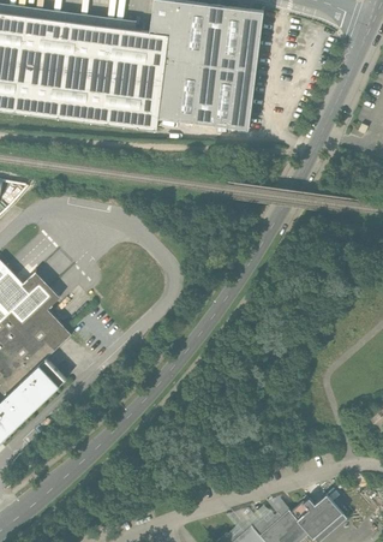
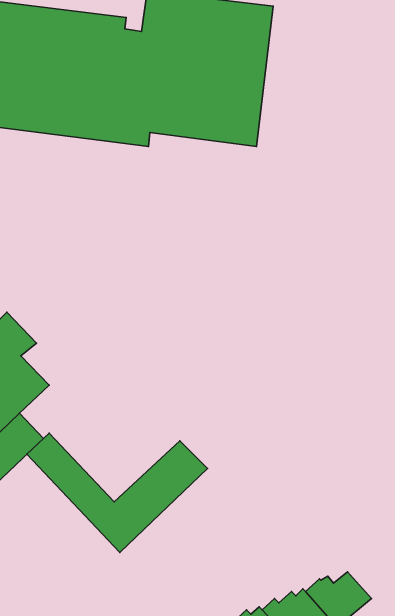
building: none -> [27,433,208,552]

